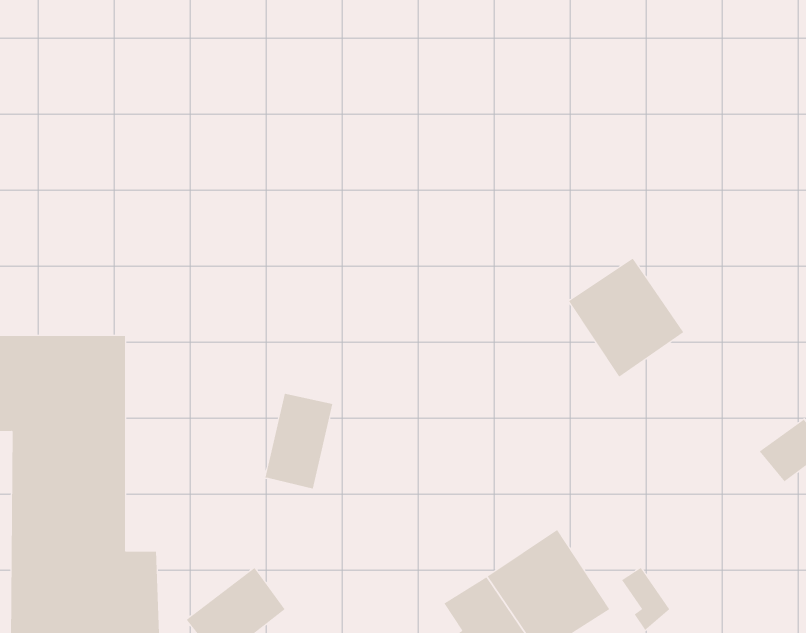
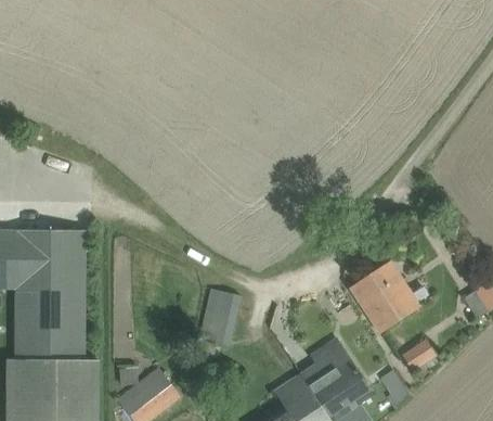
building: [568,258,684,377] -> [348,260,417,332]
building: [264,393,333,489] -> [197,288,238,345]
building: none -> [400,337,434,370]

